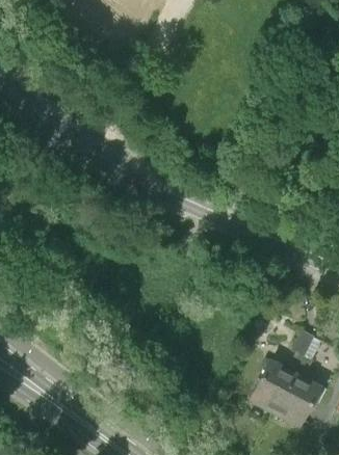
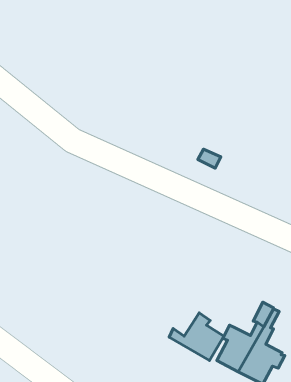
building: none -> [169,313,224,360]

